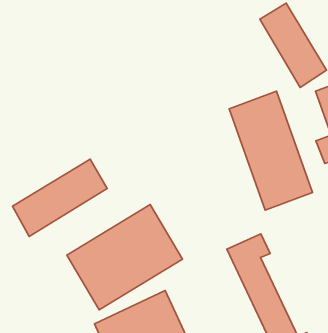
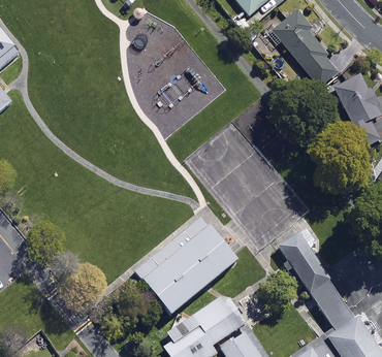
building: [229,91,313,210] -> none
building: [12,159,107,237] -> none

